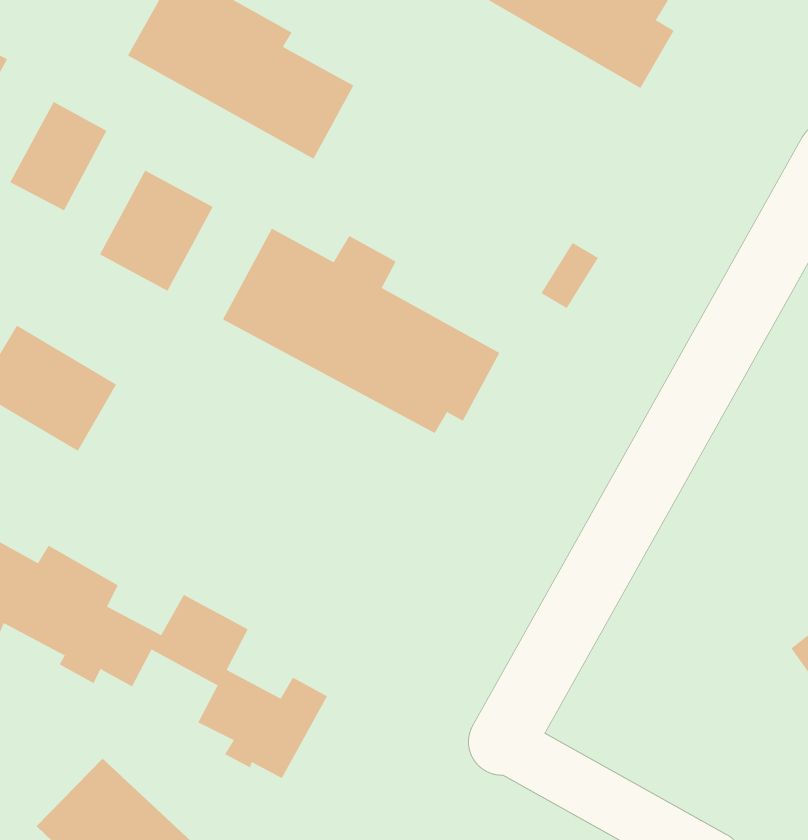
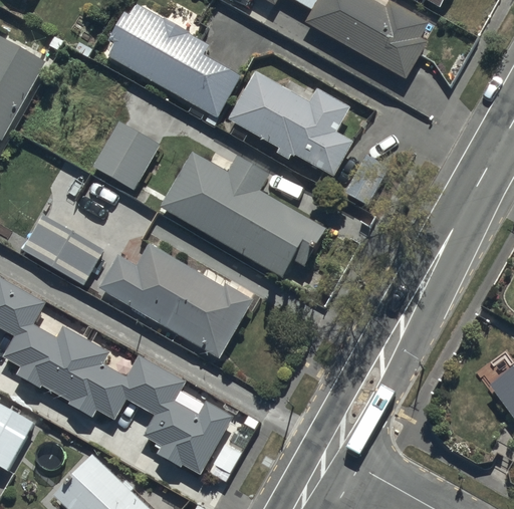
building: none -> [235,76,347,172]
building: [10,101,107,211] -> none
building: none -> [101,245,251,355]

